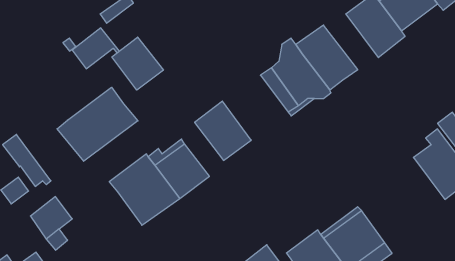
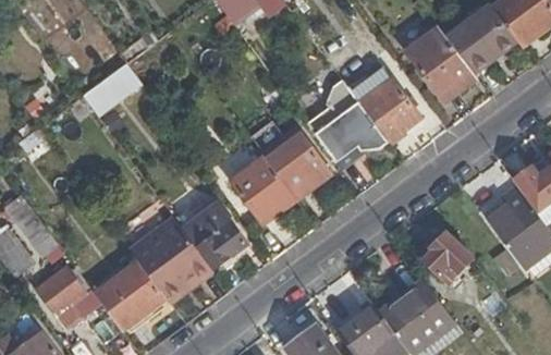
building: [112,37,163,90] -> none
building: none -> [262,128,331,199]
building: [57,87,138,161] -> none
building: none -> [423,232,472,283]
building: none -> [95,260,166,329]

